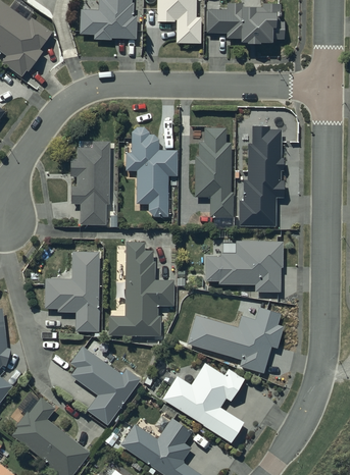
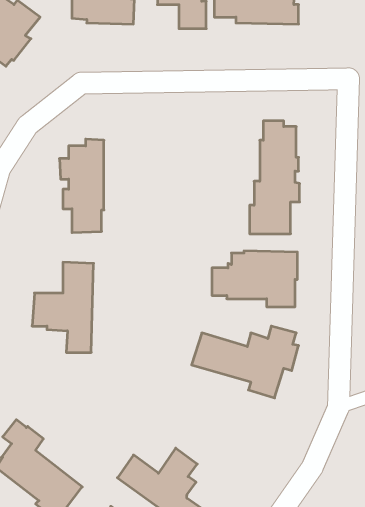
building: [126,127,177,217] -> none
building: [194,128,233,218] -> none
building: [109,242,173,336] -> none
building: [69,350,140,427] -> none
building: [161,364,243,442] -> none

